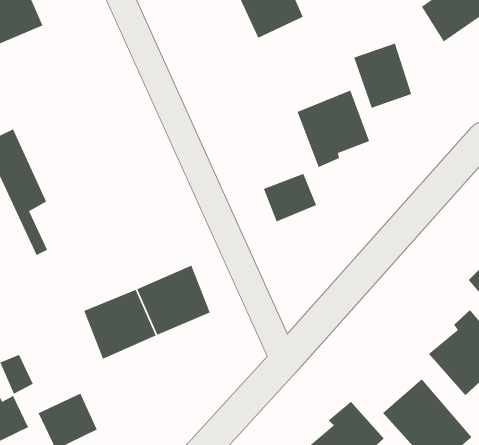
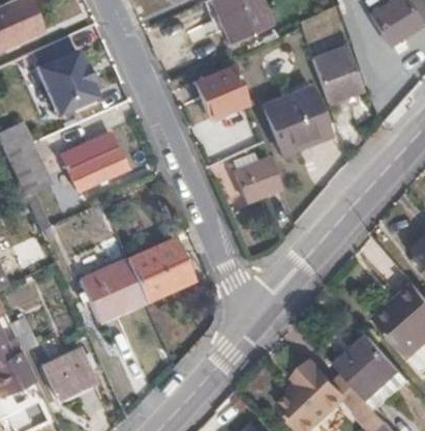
building: none -> [39,51,102,118]
building: none -> [196,65,249,119]
building: none -> [60,131,125,190]

